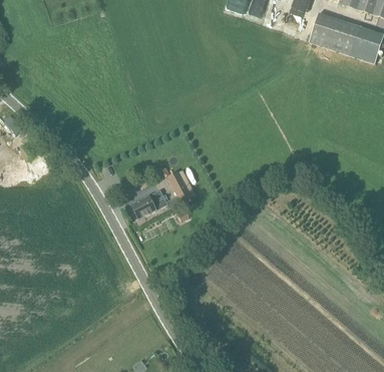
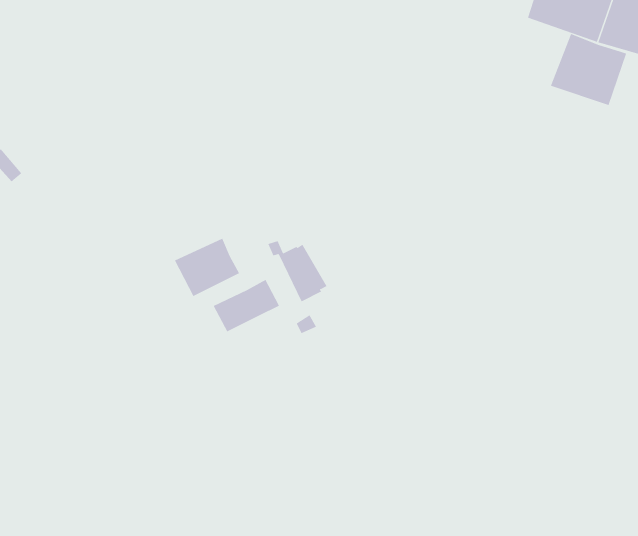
building: none -> [550,33,627,106]
building: none -> [174,238,240,297]

